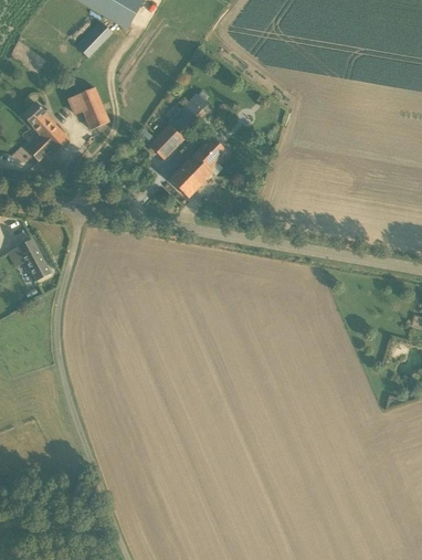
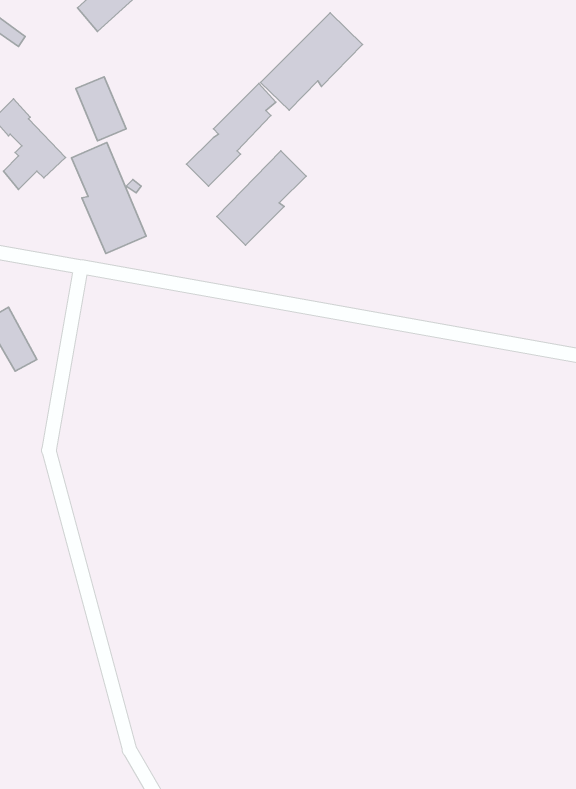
building: none -> [261,13,363,110]
building: none -> [71,142,146,254]

